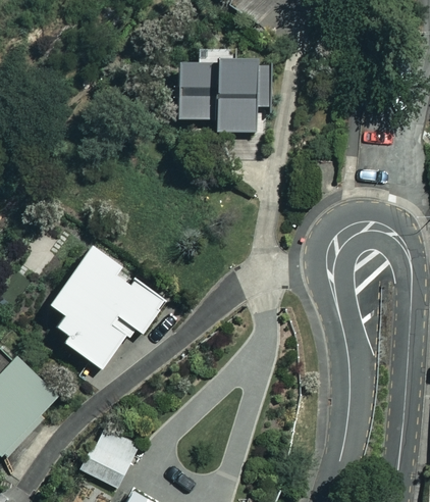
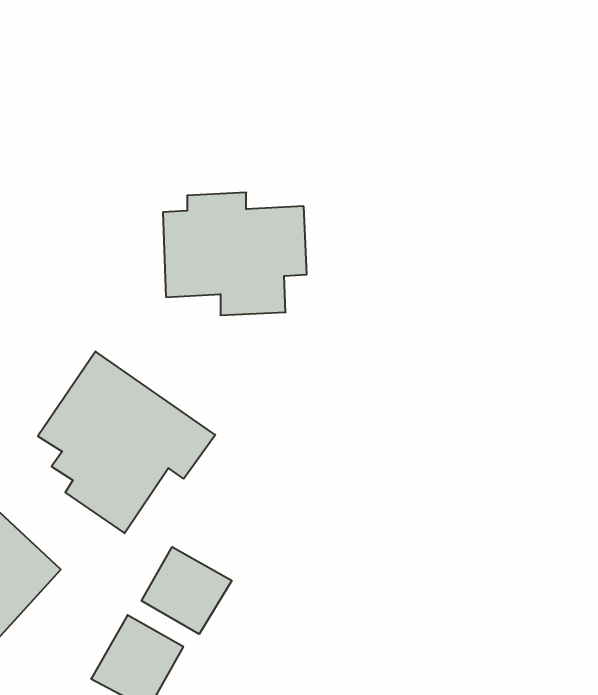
building: [175,50,272,133] -> [163,193,307,315]
building: none -> [142,547,232,634]

